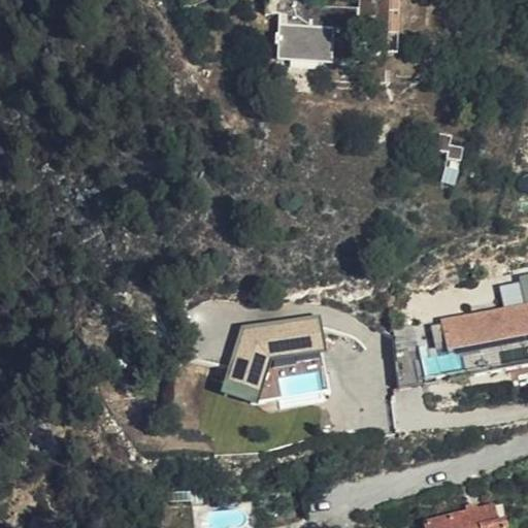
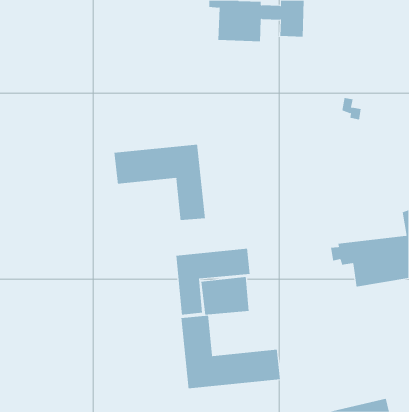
building: none -> [114,144,205,221]
building: none -> [181,315,280,389]

